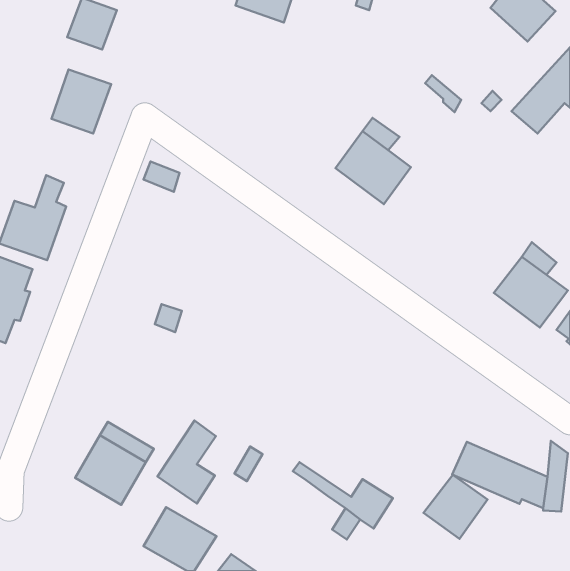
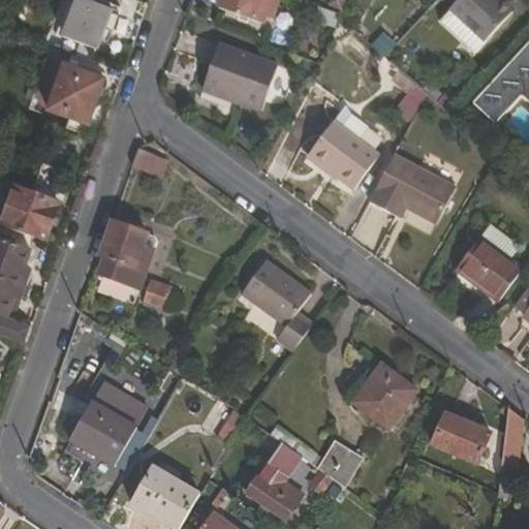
building: none -> [201,43,277,112]
building: none -> [368,154,453,222]
building: none -> [98,222,151,287]
building: none -> [242,261,313,352]
building: [157,420,216,503] -> [248,442,302,519]
building: [424,475,488,539] -> [355,367,414,426]

